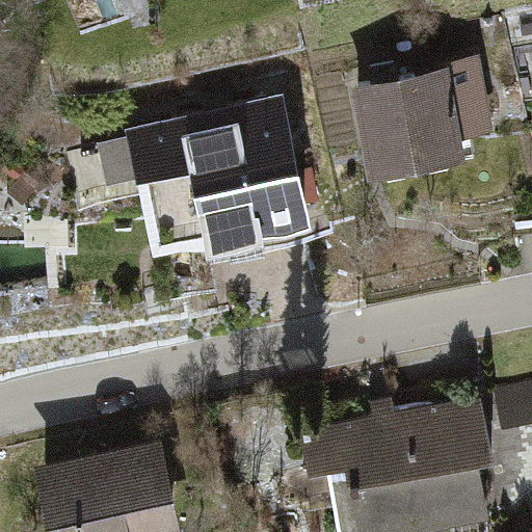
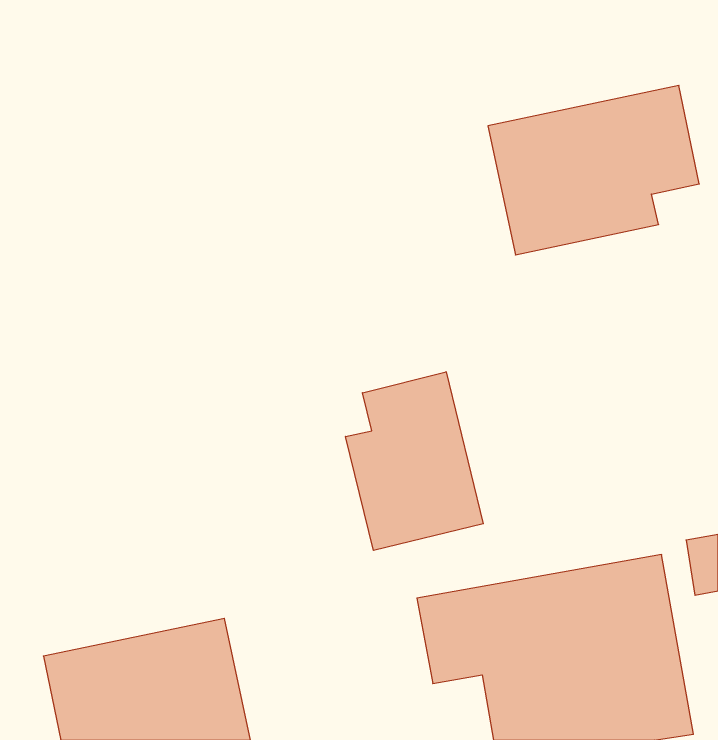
building: [89,104,309,247] -> none
building: none -> [346,372,483,550]

